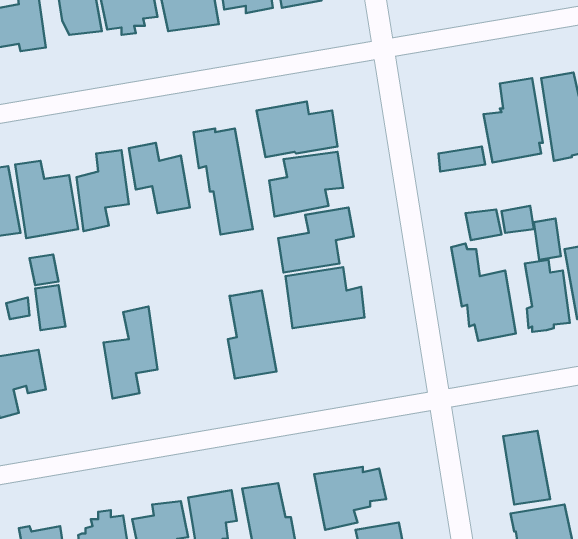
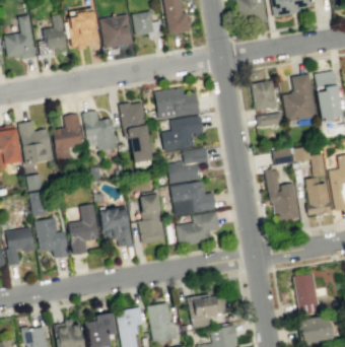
building: none -> [251,80,277,111]
building: none -> [98,207,133,247]
building: none -> [176,211,220,246]
building: none -> [34,217,69,258]

